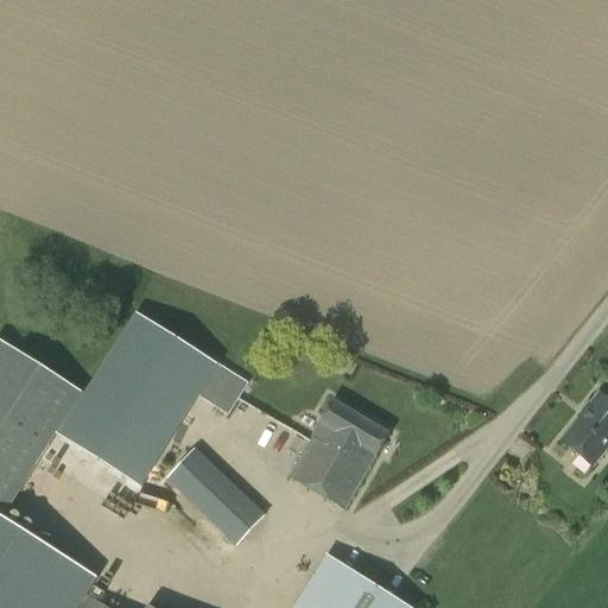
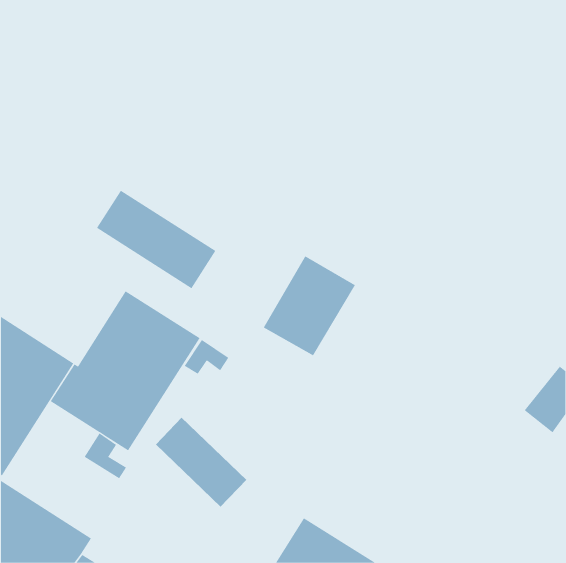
building: none -> [96,190,216,289]
building: [289,399,388,507] -> [263,255,356,356]
building: none -> [84,433,127,479]

